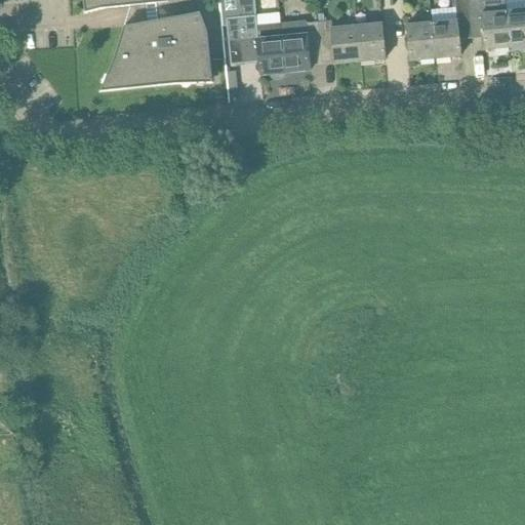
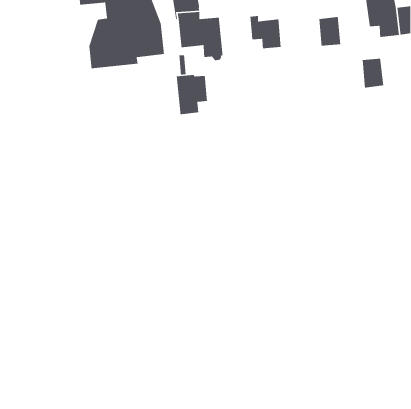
building: [432,18,460,57] -> [362,58,384,88]
building: [280,19,321,72] -> [176,74,208,115]
building: [356,22,385,60] -> none

